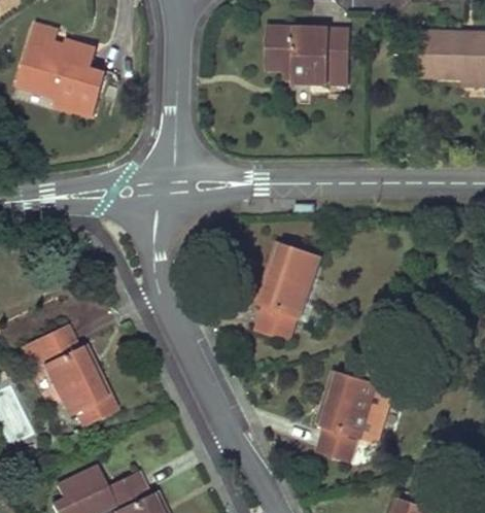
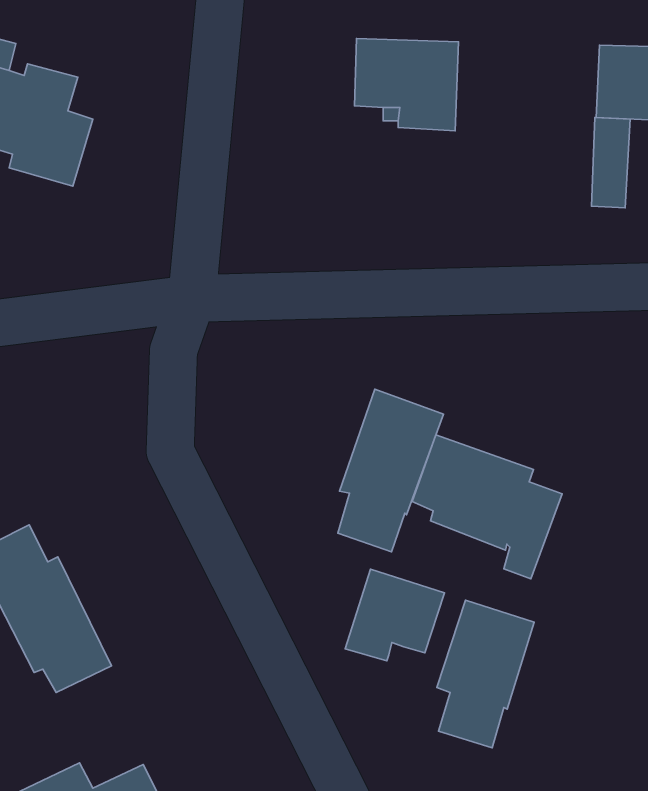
building: [327,28,351,83] -> [592,117,630,208]
building: none -> [412,435,562,579]
building: none -> [345,569,444,661]

